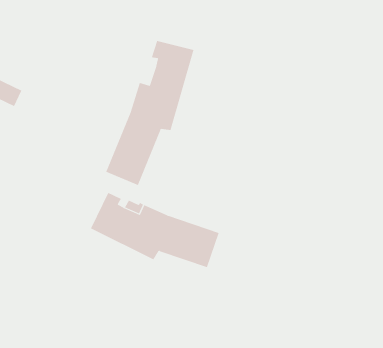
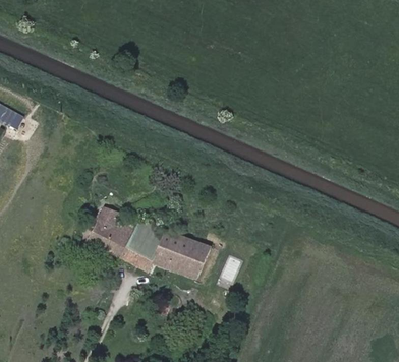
building: [106,40,194,186] -> none

